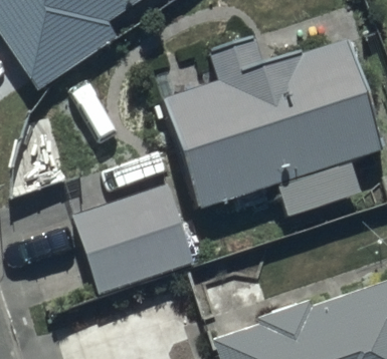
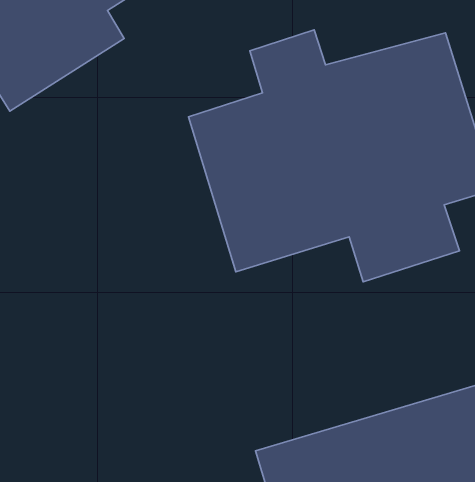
building: [71,182,194,295] -> none

